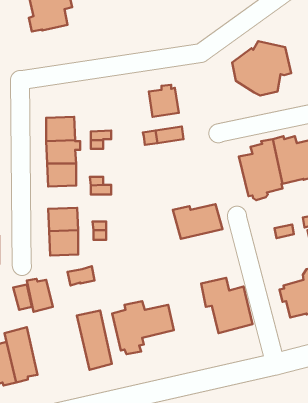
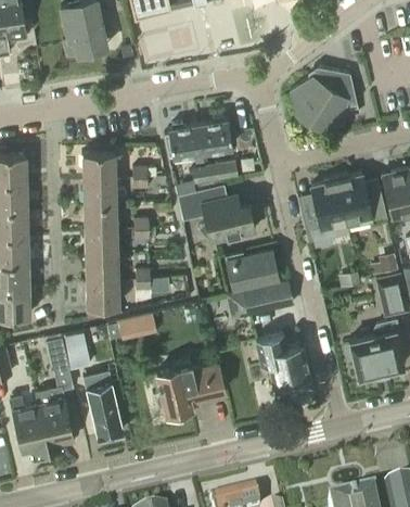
building: none -> [165,123,203,157]
building: none -> [179,183,256,241]
building: none -> [86,229,118,255]
building: none -> [244,280,295,314]
building: [77,311,112,370] -> [85,371,124,438]

